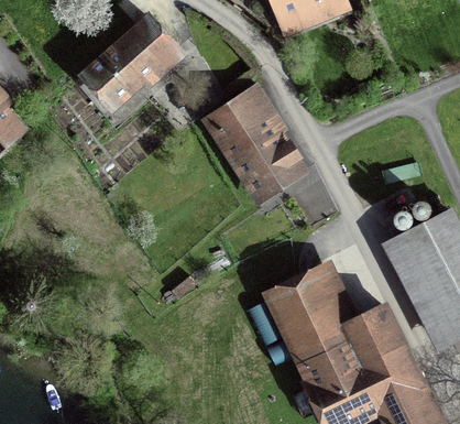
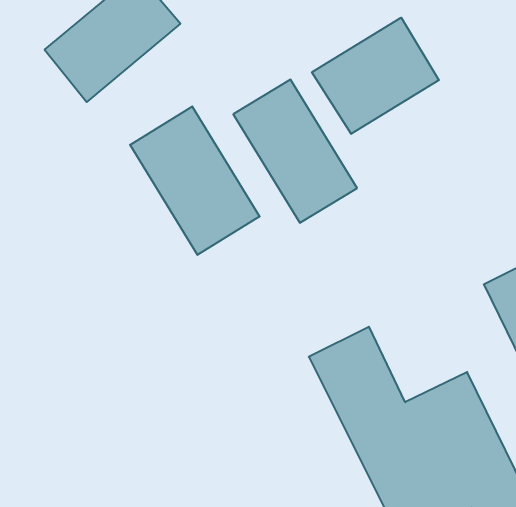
building: none -> [312,18,439,134]
building: none -> [130,106,260,255]

